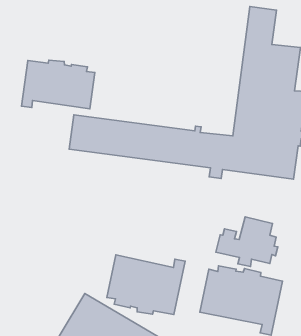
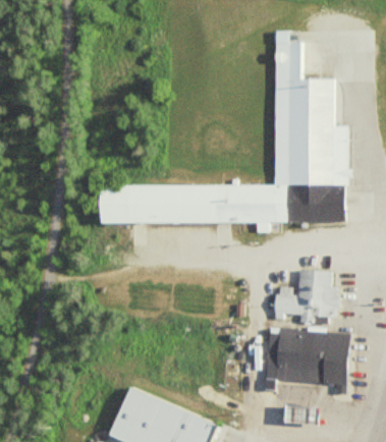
building: [22,60,95,109] -> none
building: [107,255,185,315] -> none

